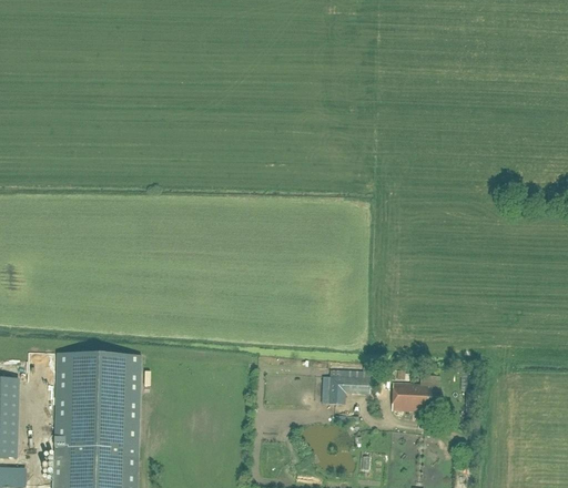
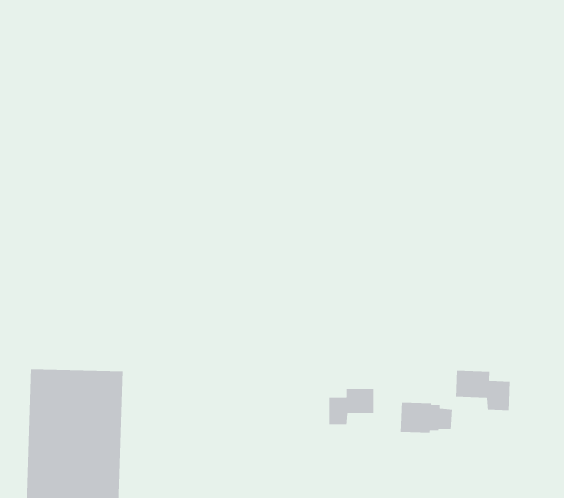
building: none -> [455,370,511,411]

